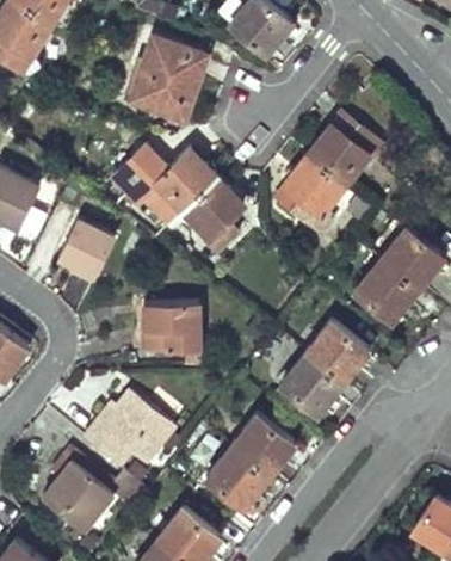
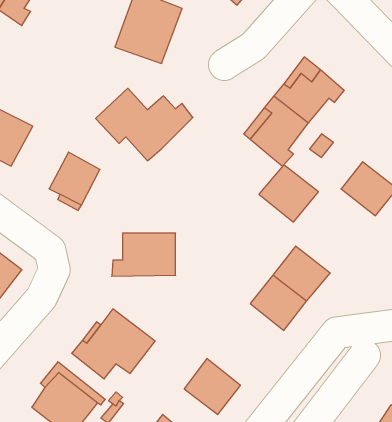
building: [183,179,239,258] -> none
building: [353,258,419,321] -> [259,165,318,222]
building: [233,415,294,475] -> none

